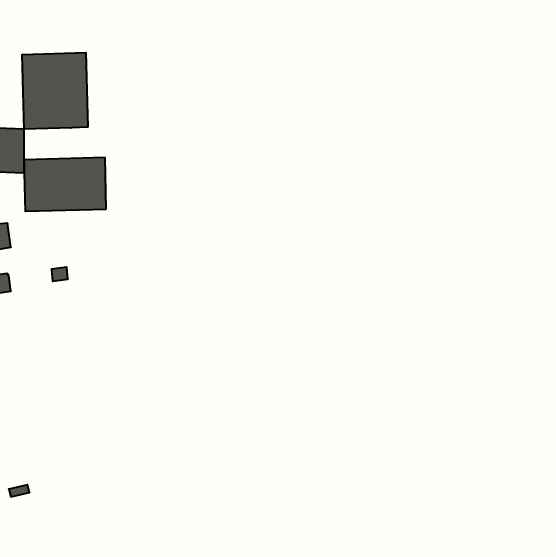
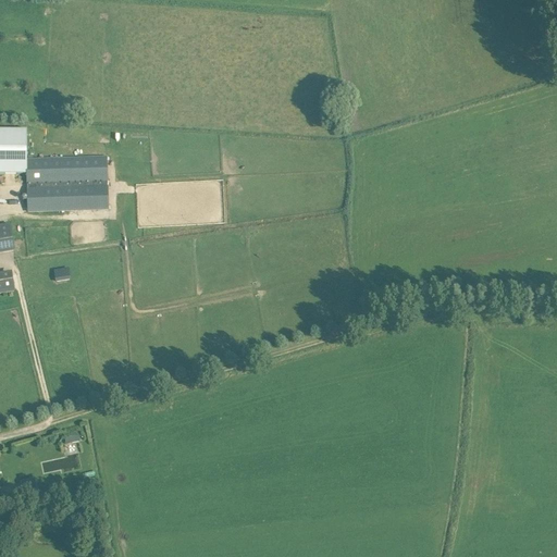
building: [22,53,88,129] -> none

